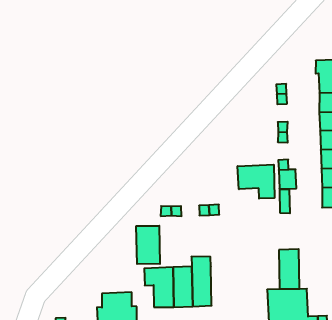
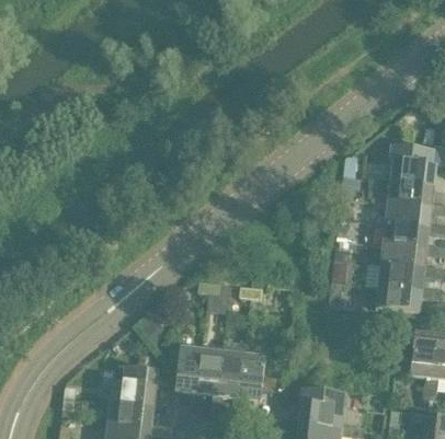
building: [238,165,274,199] -> none
building: [136,226,160,264] -> none
building: [279,249,300,289] -> [239,353,266,398]

